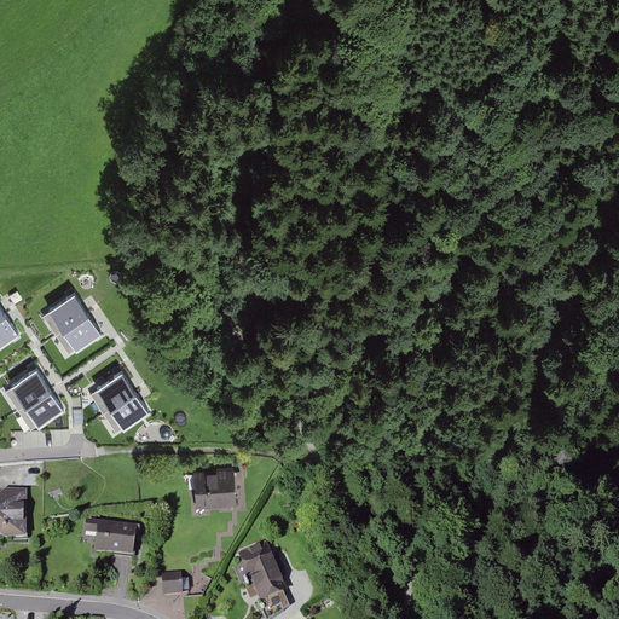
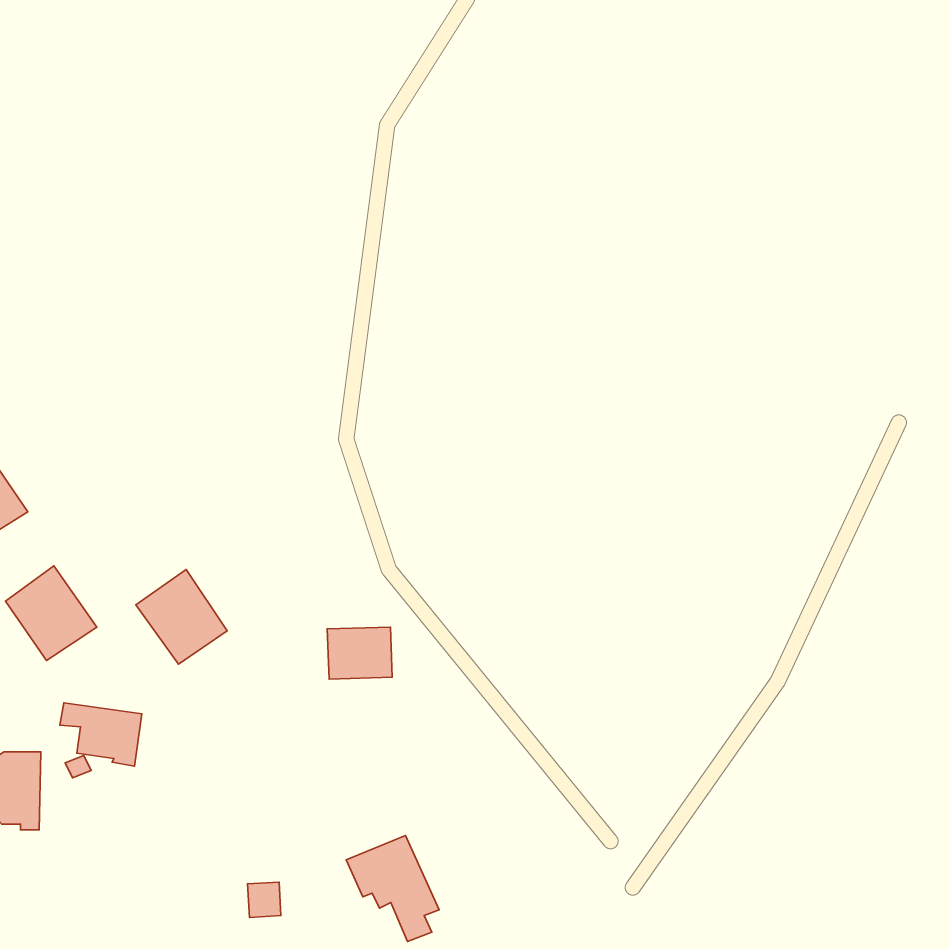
building: [42,293,102,354] -> none
building: [193,472,236,505] -> [327,627,392,679]
building: [83,521,137,562] -> [60,703,142,766]

